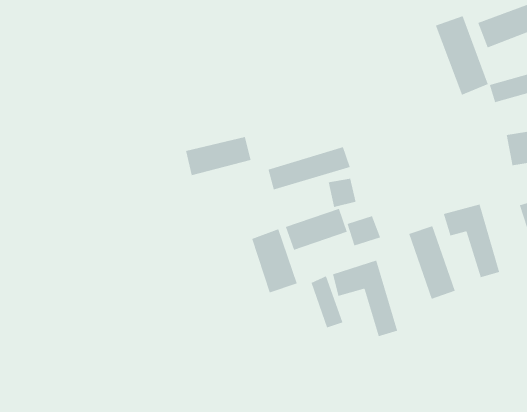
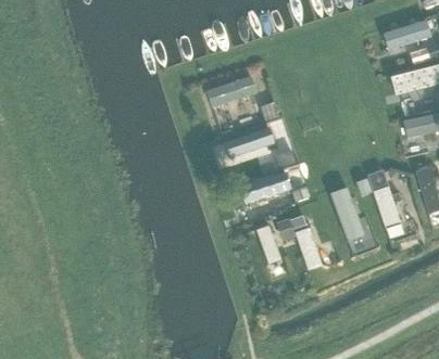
building: [435,15,489,96] -> none
building: [185,136,251,176] -> [206,76,256,106]
building: [251,228,298,293] -> none

